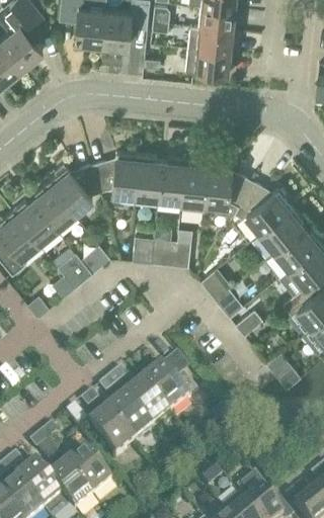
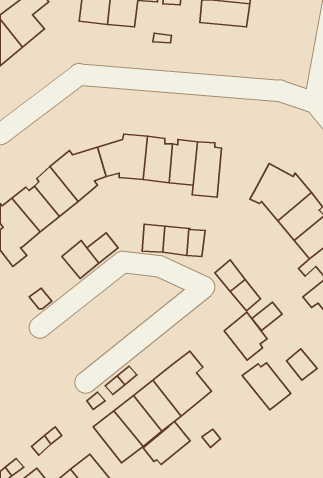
building: [184,49,230,75] -> none
building: [202,162,251,215] -> none
building: none -> [224,312,267,360]
building: none -> [242,363,291,410]
building: none -> [143,421,190,465]

